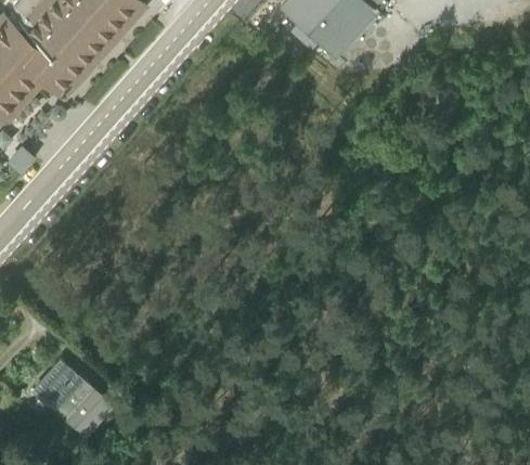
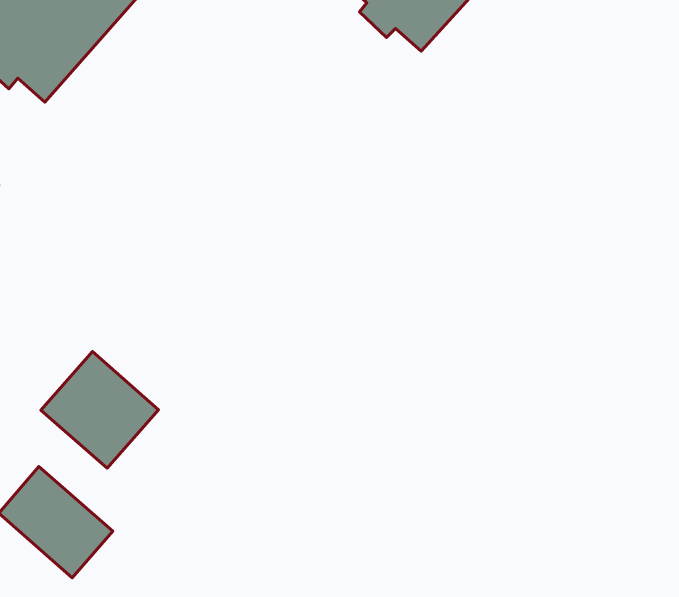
building: none -> [41,352,159,468]

